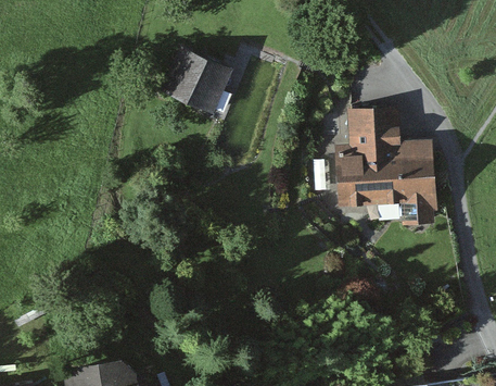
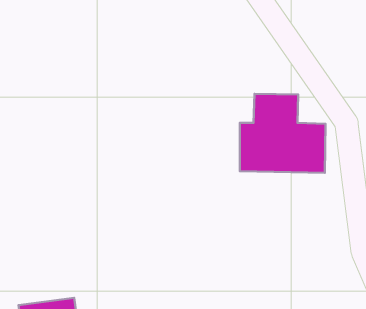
building: [160,46,229,113] -> none

